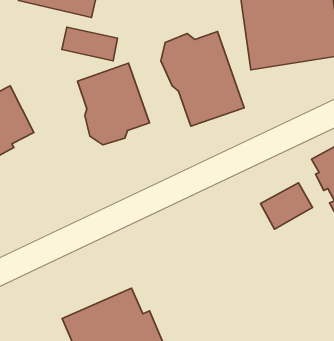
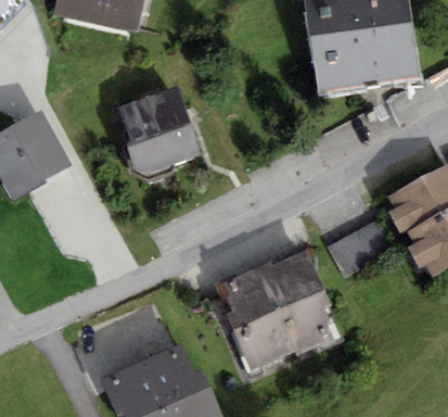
building: [62,27,118,61] -> none
building: [161,31,244,126] -> none
building: none -> [216,249,334,369]

